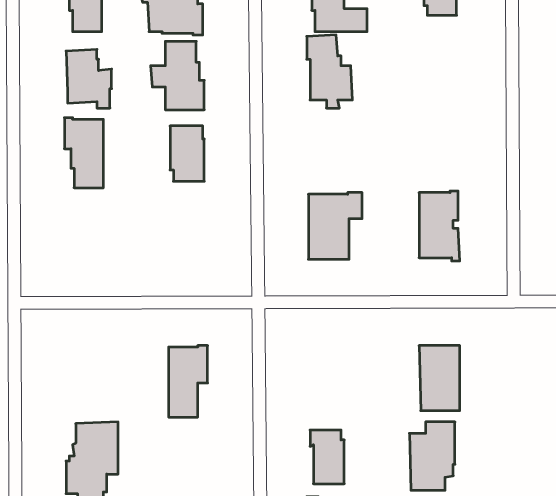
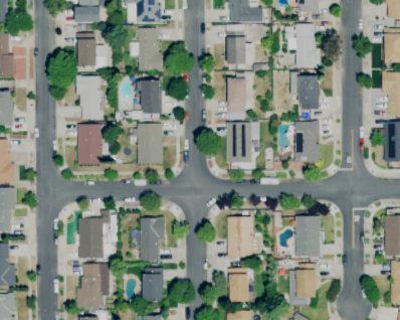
building: none -> [295,24,322,68]
building: none -> [290,71,320,110]
building: none -> [227,73,247,120]
building: none -> [78,124,110,165]
building: none -> [139,124,164,164]
building: none -> [78,214,118,262]
building: none -> [228,217,261,258]
building: none -> [144,269,164,302]

